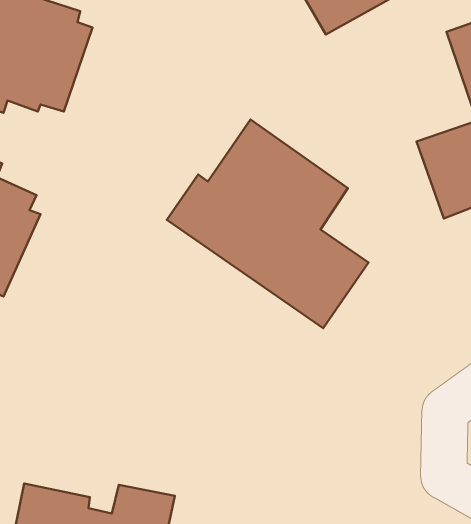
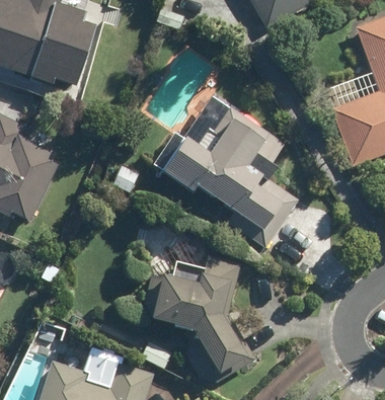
building: none -> [144,256,254,378]

